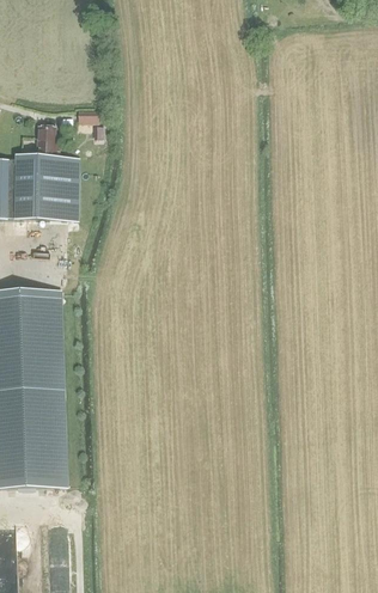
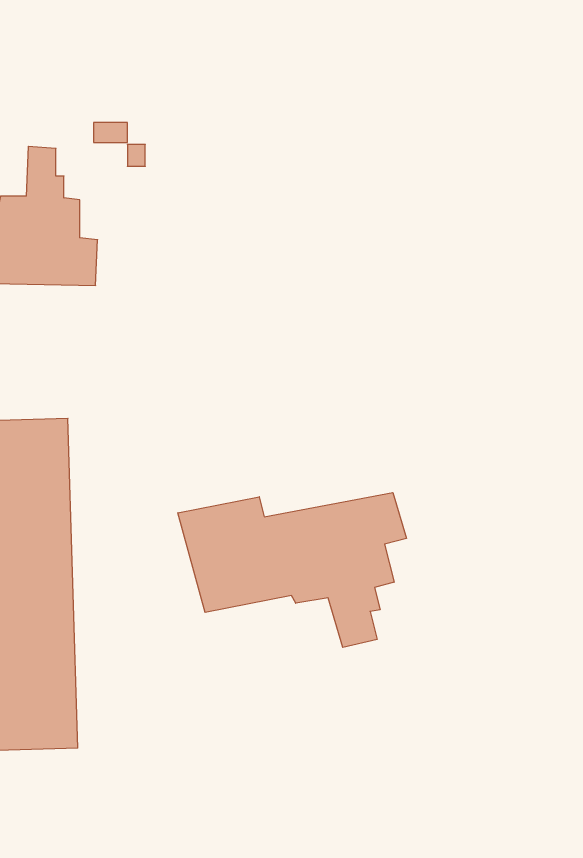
building: none -> [178,493,406,647]

